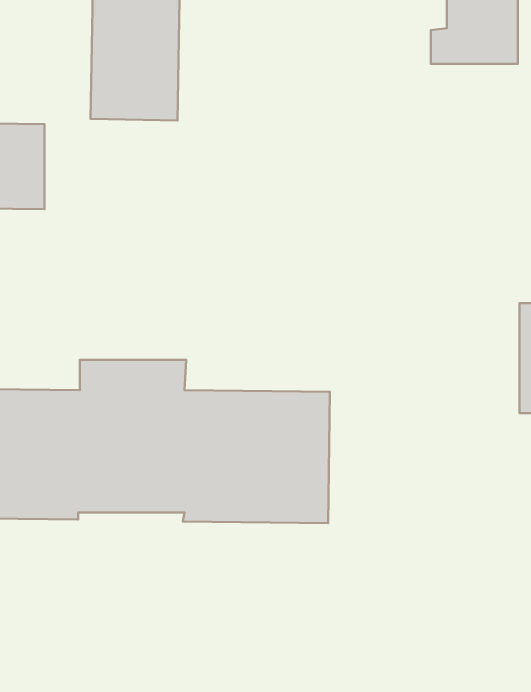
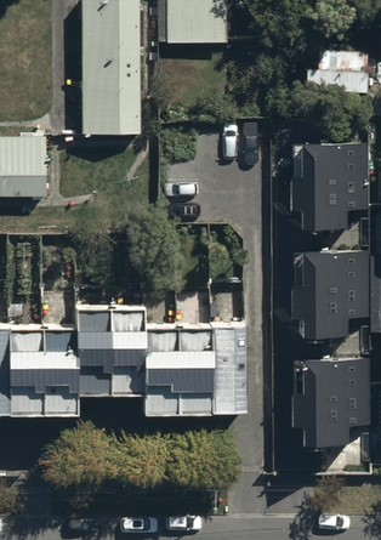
building: none -> [295,143,366,227]
building: none -> [296,251,368,335]
building: none -> [296,358,368,443]

